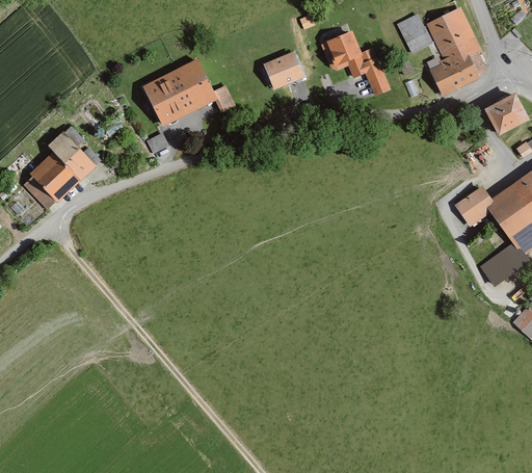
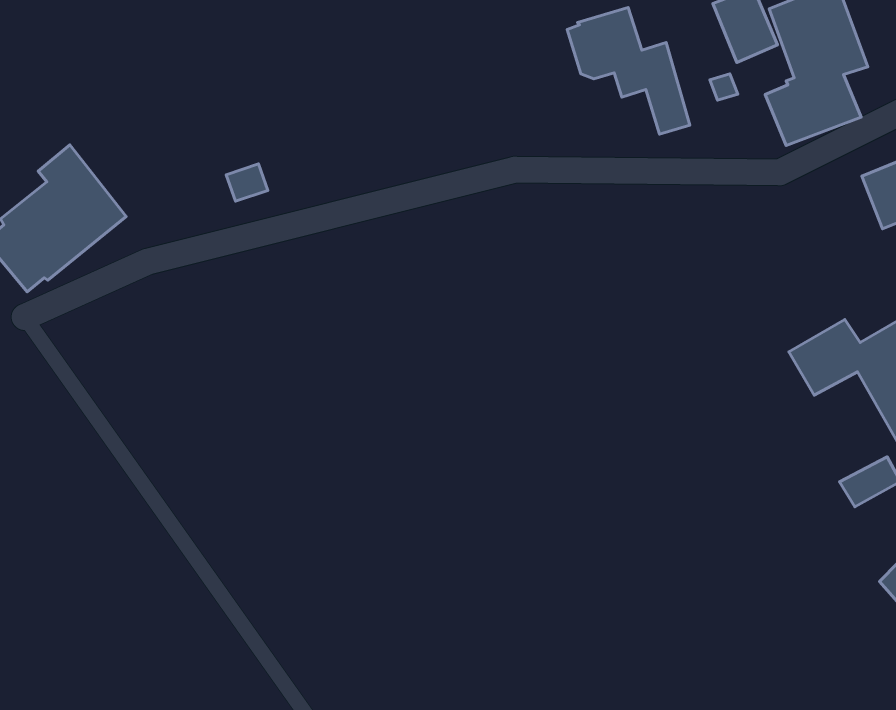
building: [263,51,304,89] -> none
building: [142,58,236,127] -> none

